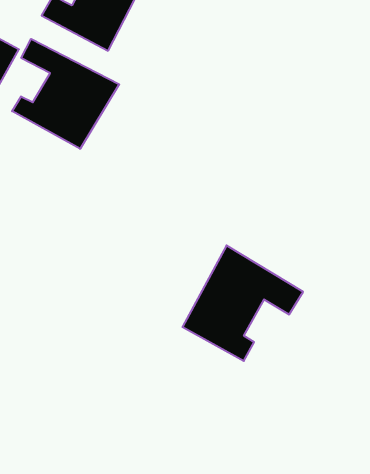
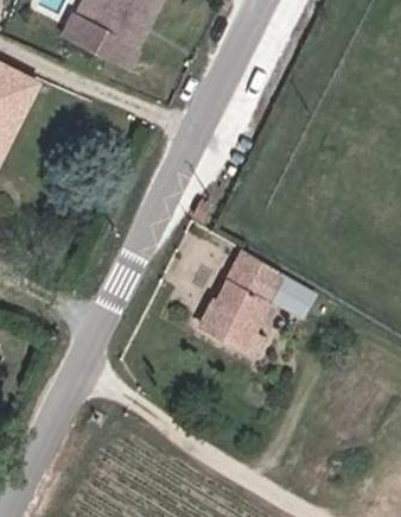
building: [12,39,119,149] -> none

